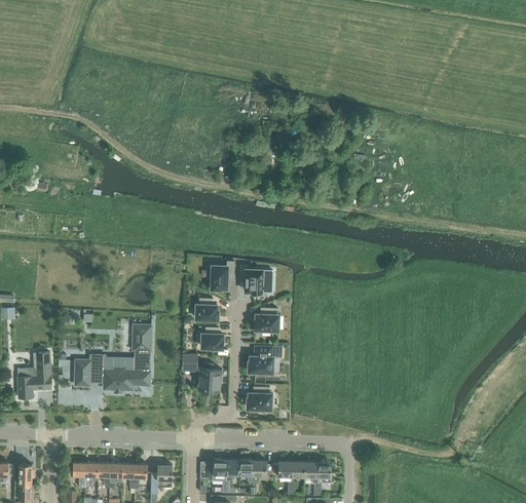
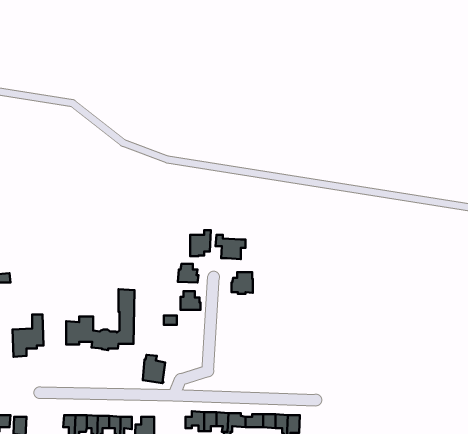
building: [251,344,274,373] -> none
building: [197,362,222,393] -> [143,355,165,383]
building: [247,387,270,410] -> none

